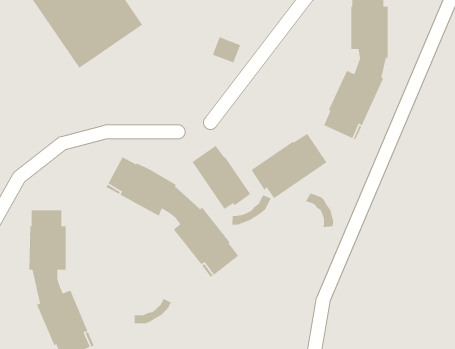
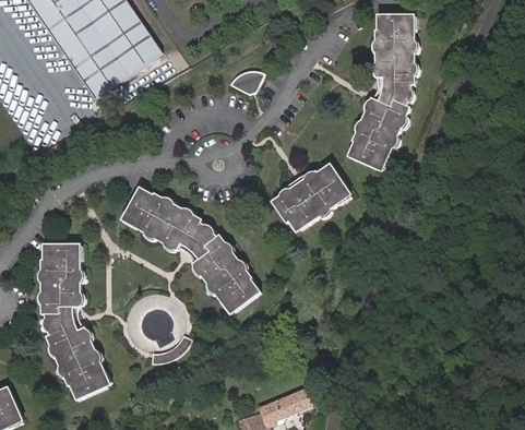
building: [191,145,251,210] -> none
building: [305,192,334,228] -> none
building: [232,194,272,225] -> none

